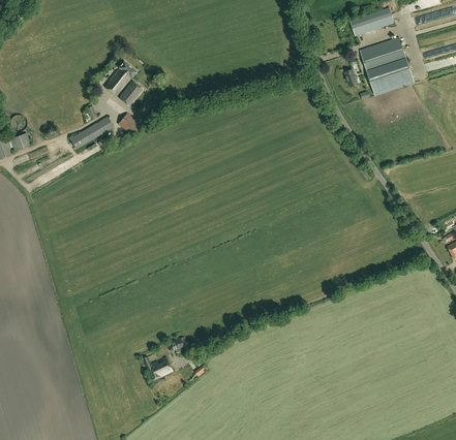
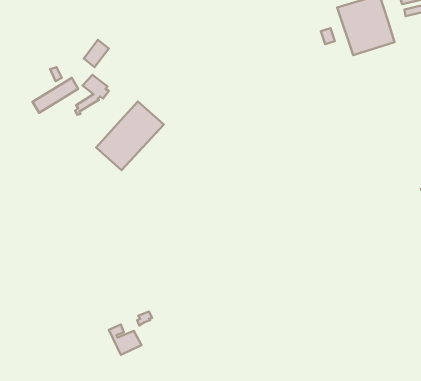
building: [103,61,135,96] -> none
building: none -> [96,102,164,170]

